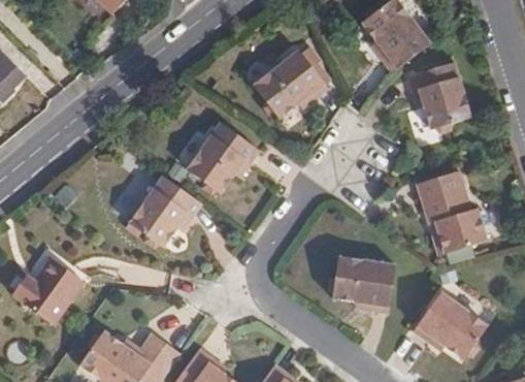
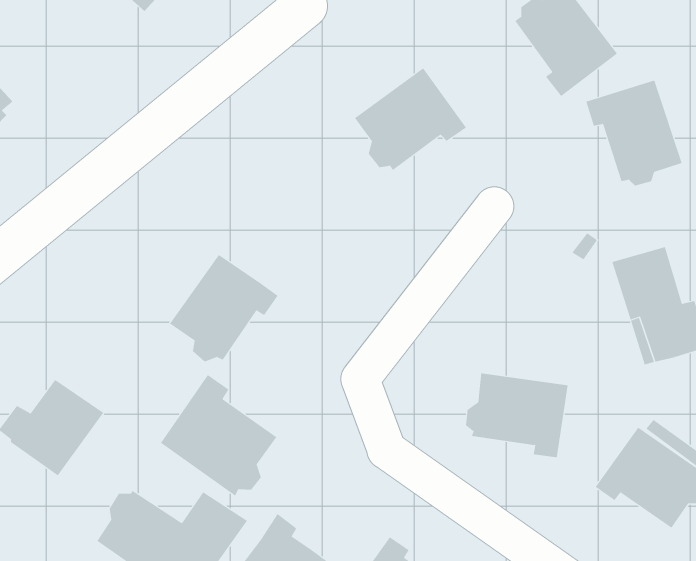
building: [184,120,256,192] -> none
building: none -> [160,374,277,497]

